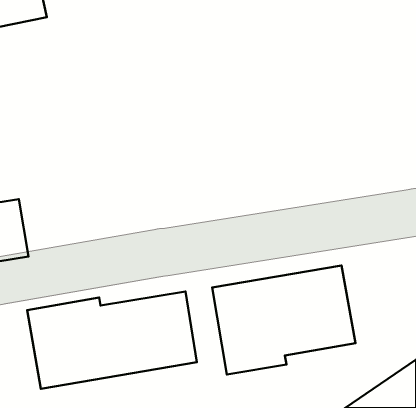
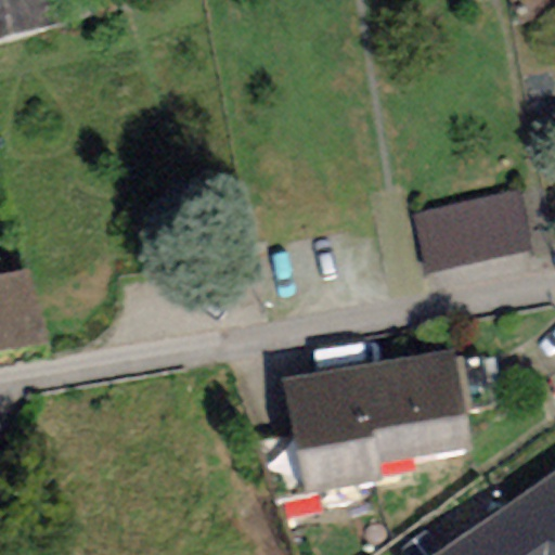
building: none -> [414,183,531,261]
building: [27,291,197,389] -> none

